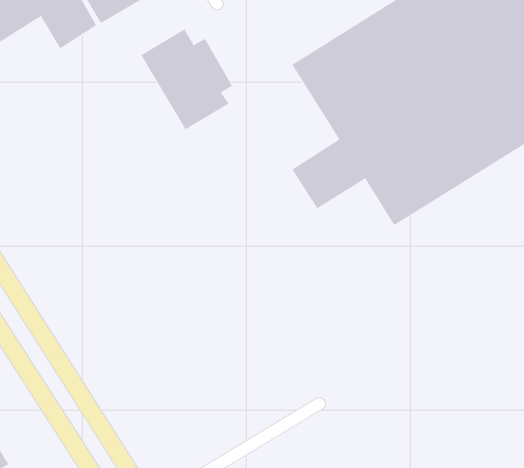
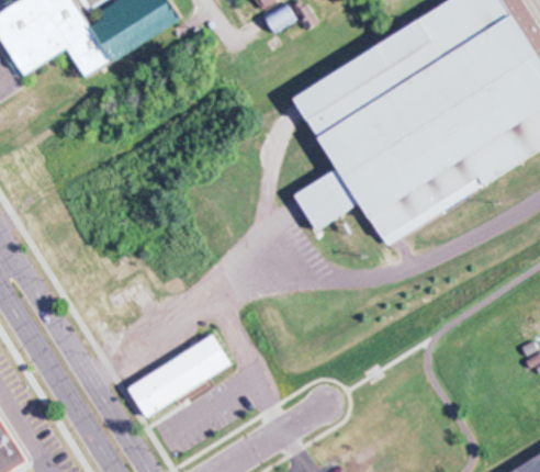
building: [141,29,233,130] -> none
building: none -> [127,336,234,420]

